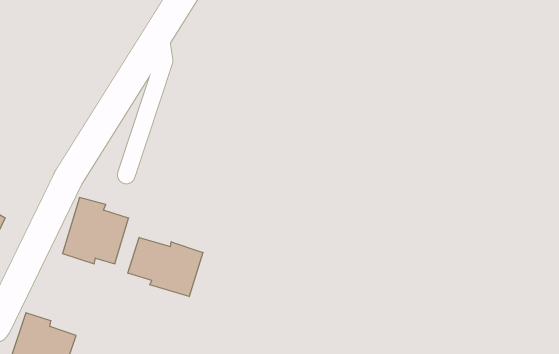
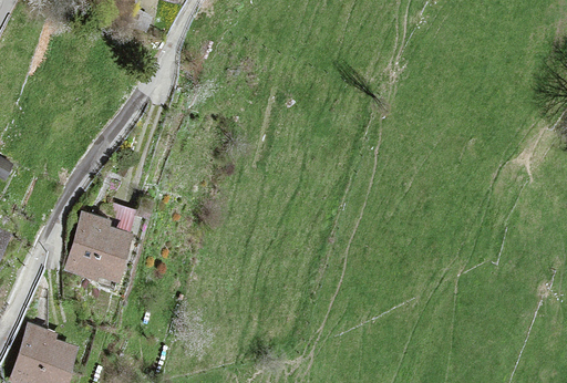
building: [128,237,203,297] -> none

